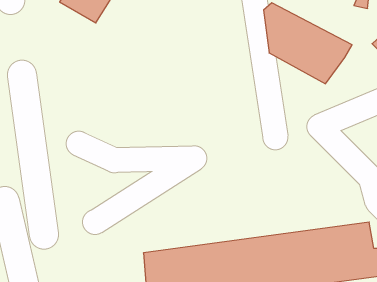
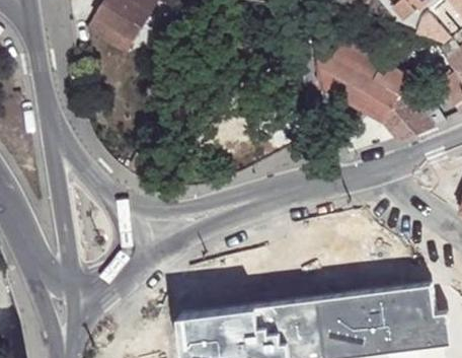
building: none -> [383,97,432,142]

